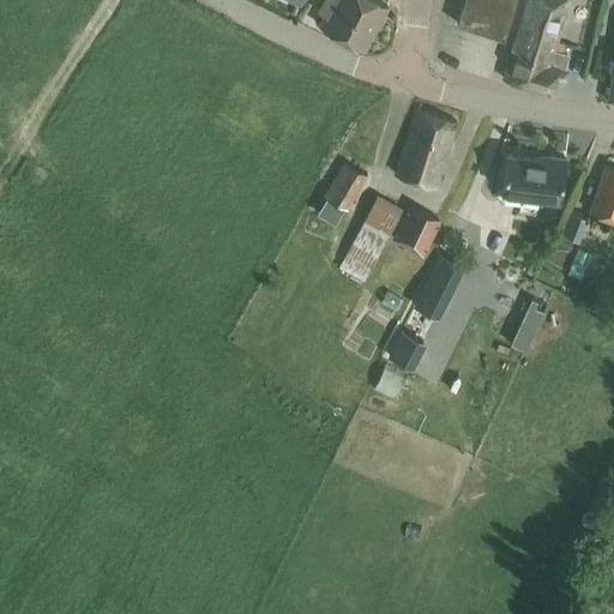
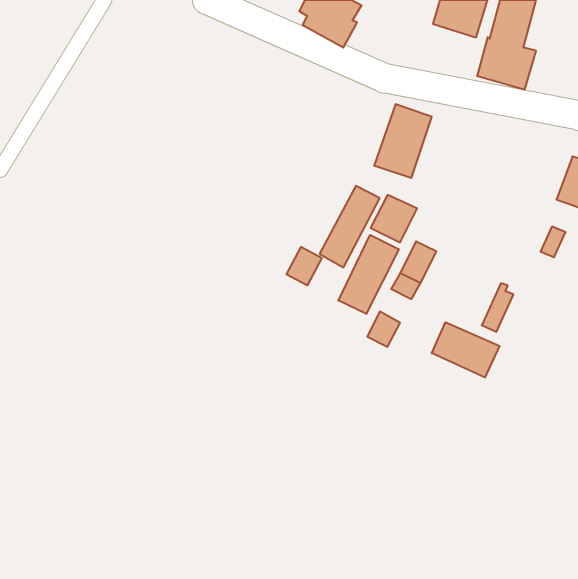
building: [502,154,567,199] -> none
building: [325,162,368,210] -> none
building: none -> [338,235,399,314]
building: none -> [287,247,322,285]
building: none -> [432,322,499,378]

